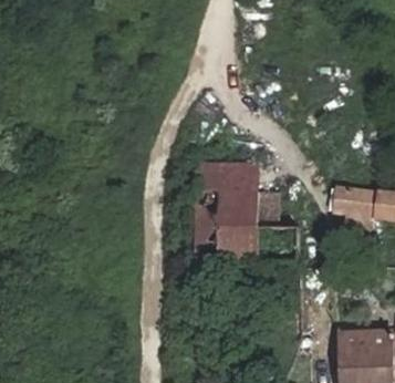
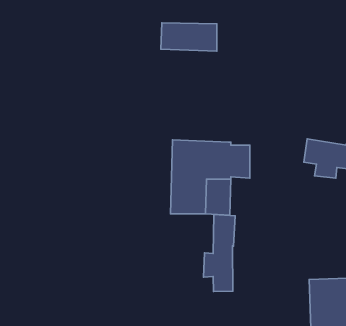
building: [197,159,256,189] -> [161,23,217,51]
building: none -> [203,214,235,291]

